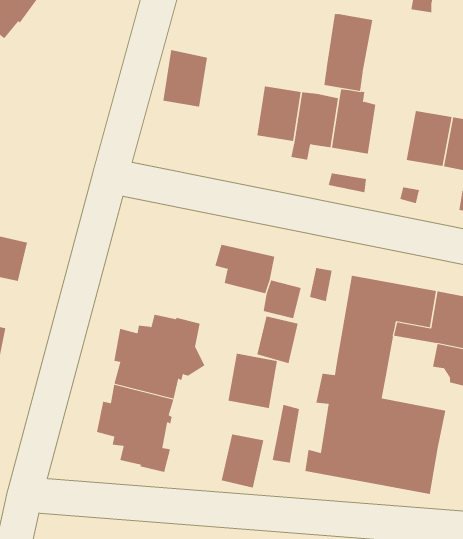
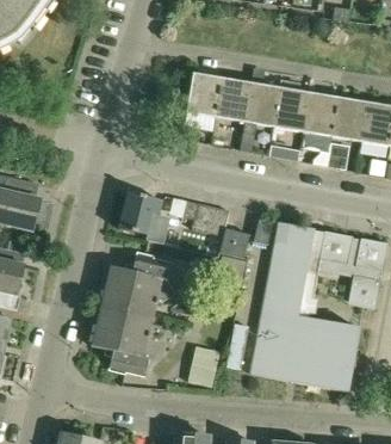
building: [323,14,373,91] -> [297,92,335,152]
building: [163,50,208,107] -> [185,72,219,116]
building: none -> [118,191,168,243]
building: [228,353,278,409] -> none

